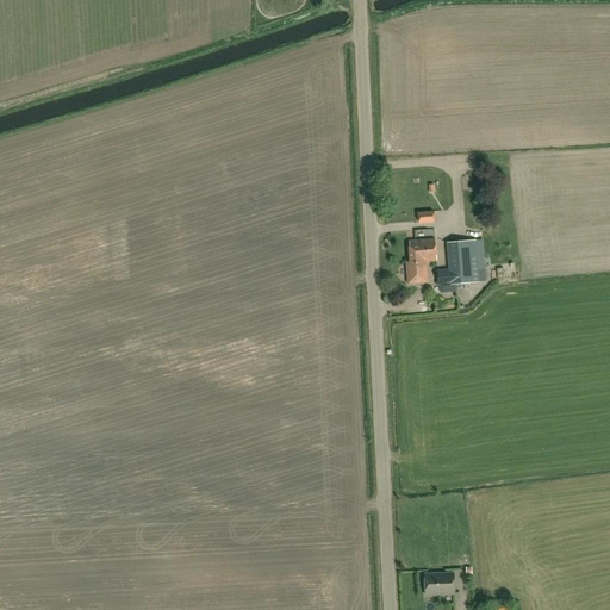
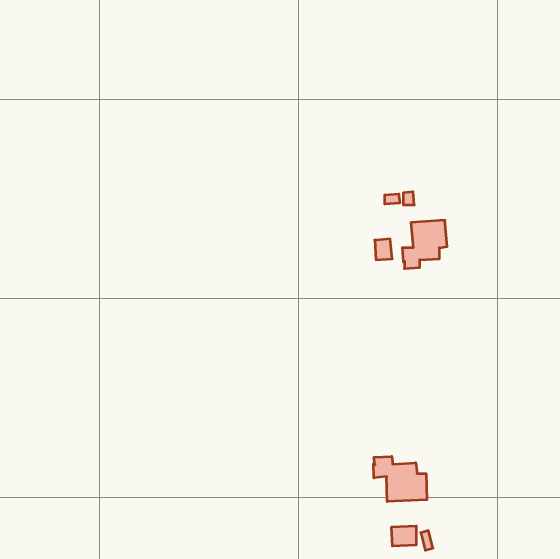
building: [409,238,436,261] -> none
building: none -> [373,456,427,502]

